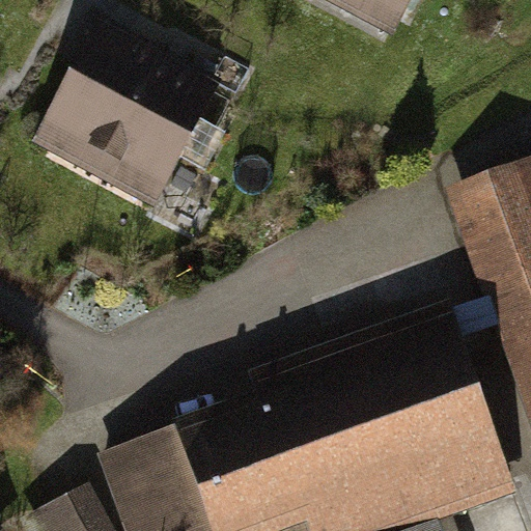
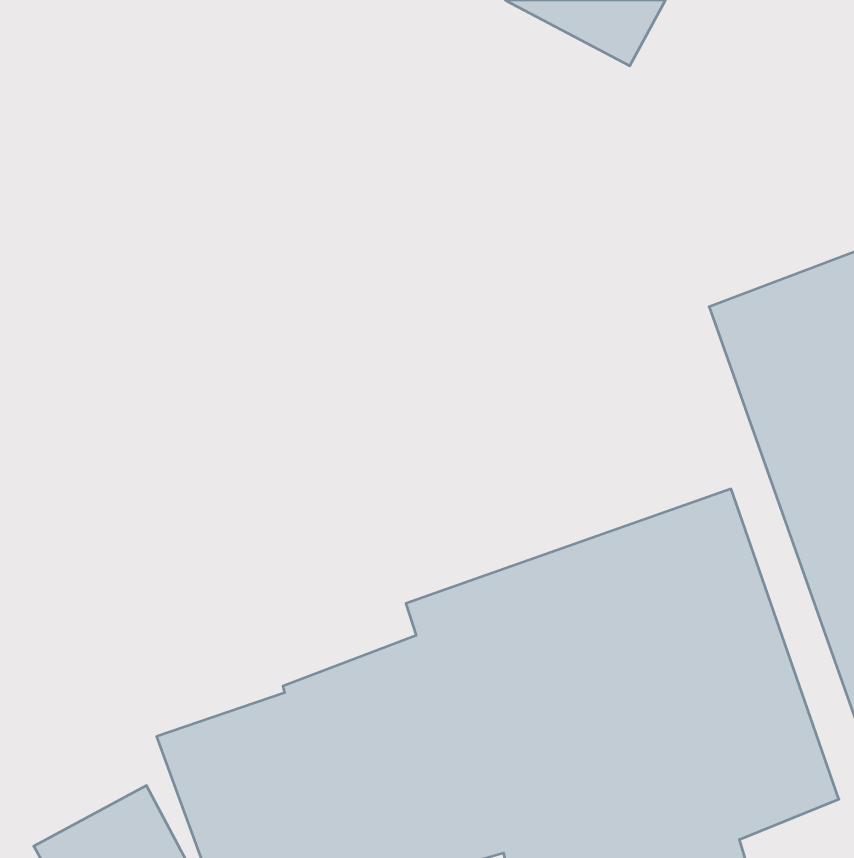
building: [30,24,216,209] -> none

